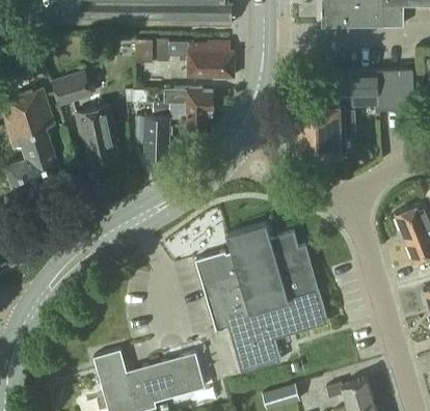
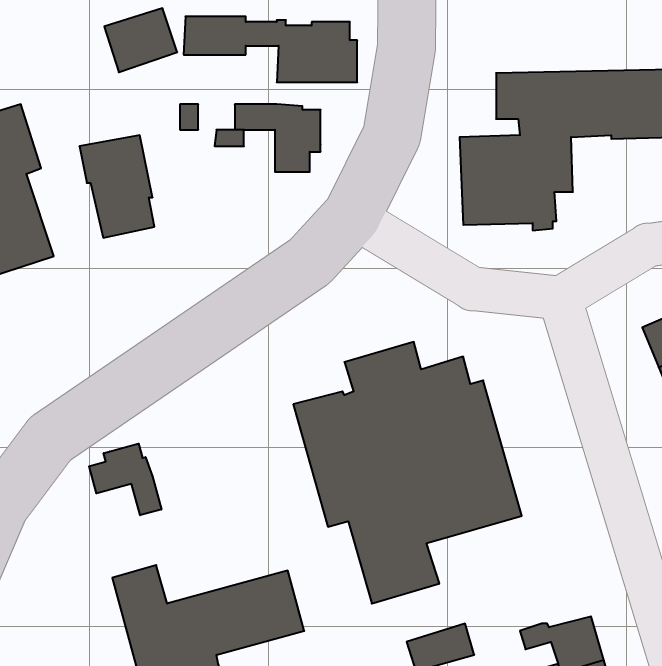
building: [52,70,93,106] -> [104,8,177,72]
building: [136,116,169,156] -> none
building: none -> [89,444,161,515]

